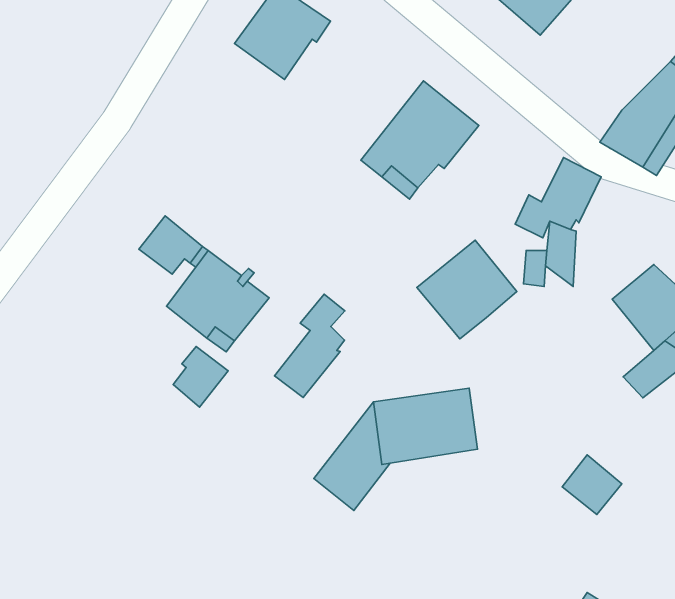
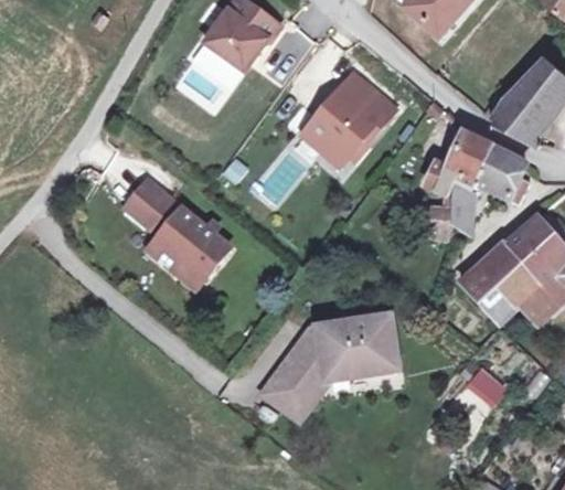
building: none -> [475,147,527,204]
building: [417,240,517,339] -> [455,244,534,322]
building: [274,294,345,398] -> none
building: [173,346,228,407] -> none

